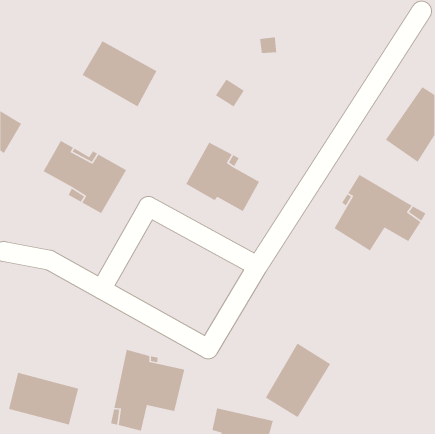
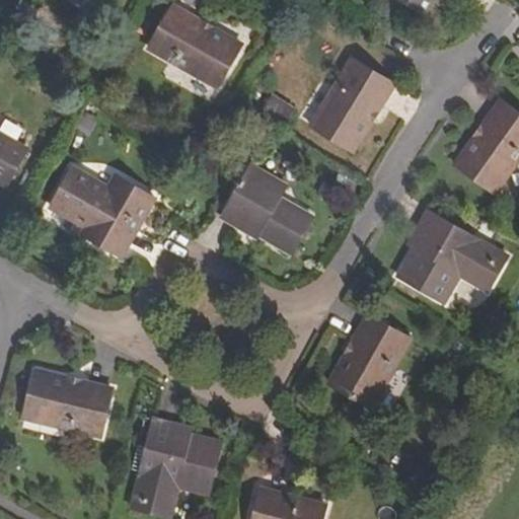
building: [82,40,158,108] -> [148,8,238,88]
building: none -> [309,54,391,144]
building: [265,342,331,418] -> [331,315,411,405]
building: [8,372,79,426] -> [27,370,112,434]

